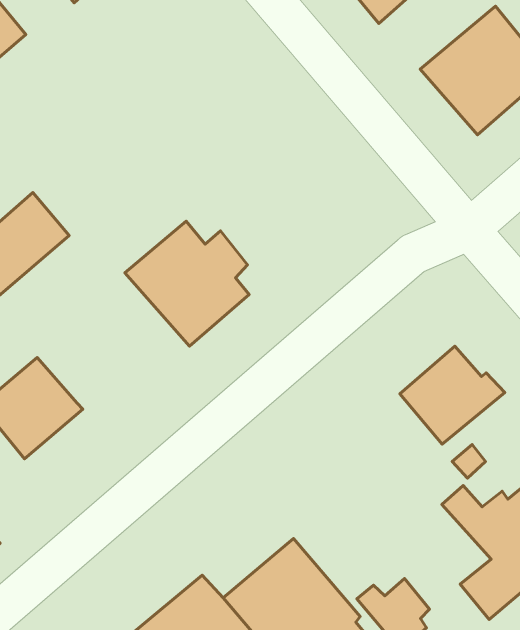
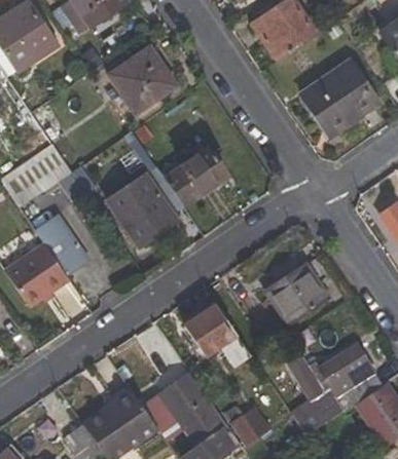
building: none -> [108,46,177,120]
building: none -> [166,147,228,206]
building: none -> [35,213,91,275]
building: none -> [183,303,251,368]

